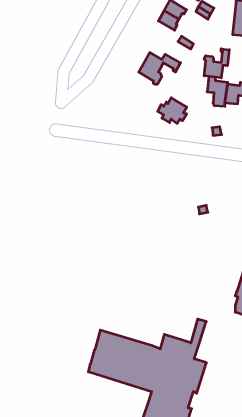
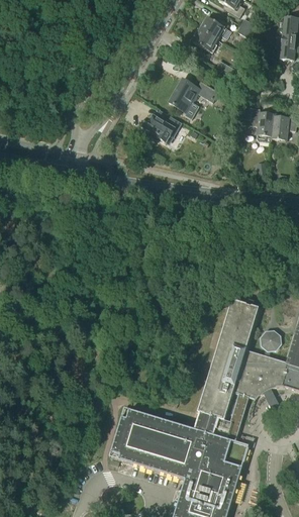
building: [204,49,229,78] -> none
building: [158,98,187,123] -> [143,110,178,140]
building: none -> [198,299,287,420]

